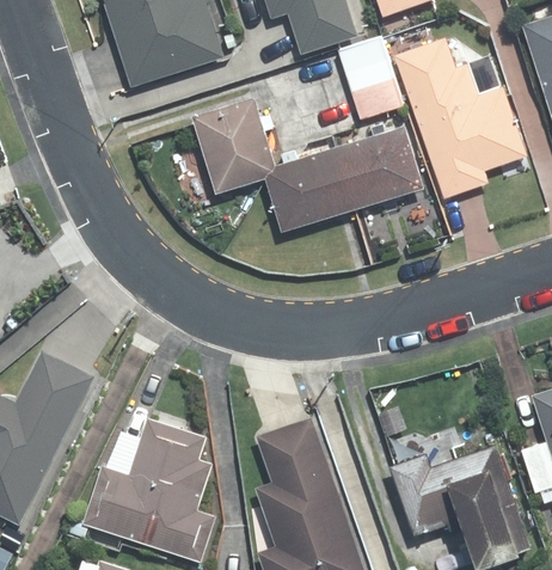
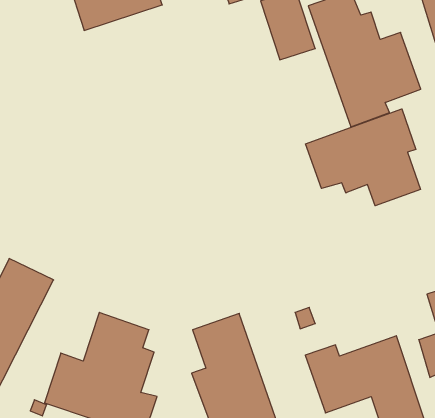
building: [192,98,425,231] -> none
building: none -> [306,109,421,206]

